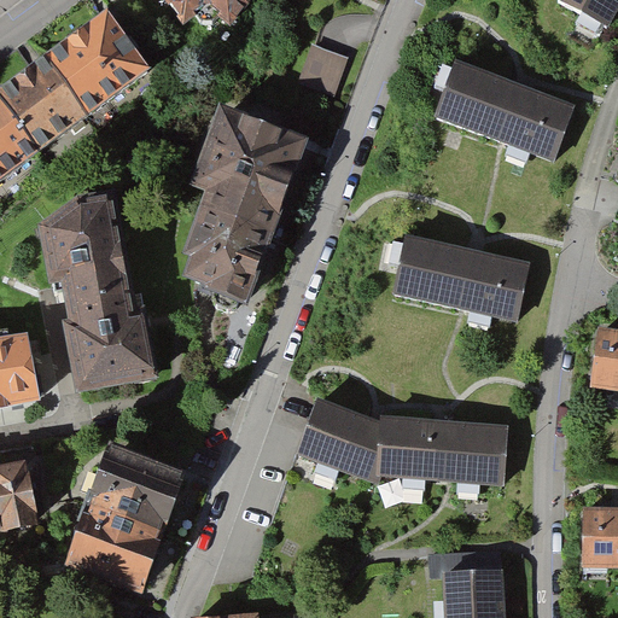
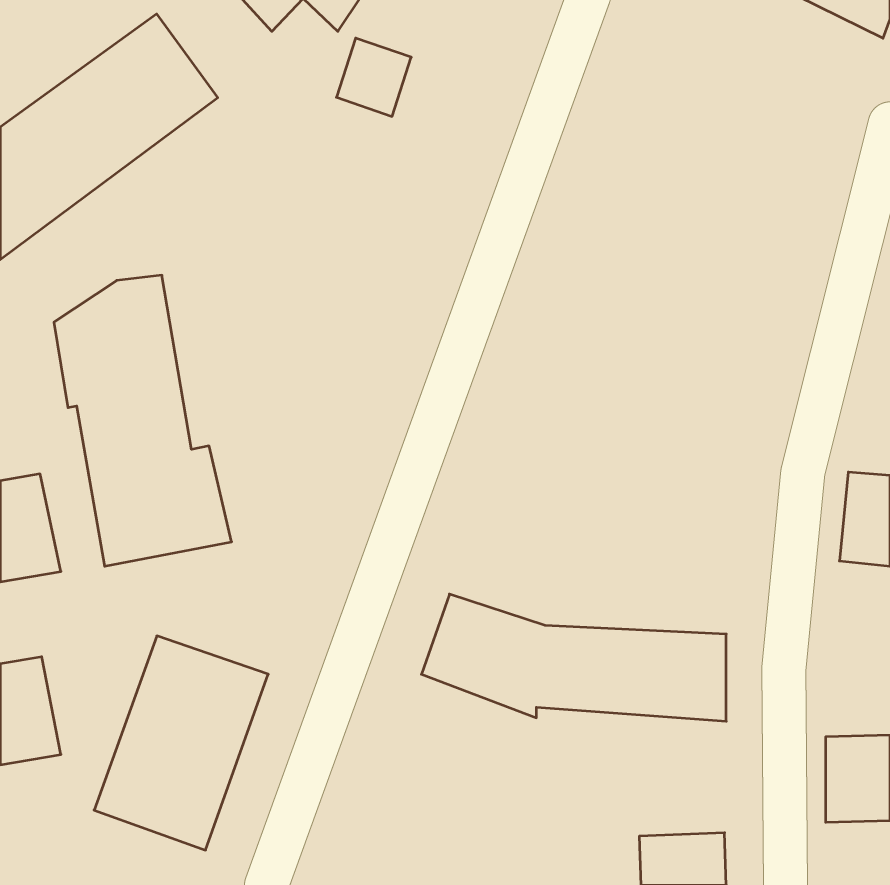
building: [296,45,348,99] -> [336,38,411,116]
building: [432,57,576,161] -> none
building: [181,103,310,301] -> none
building: [391,233,530,317] -> none

